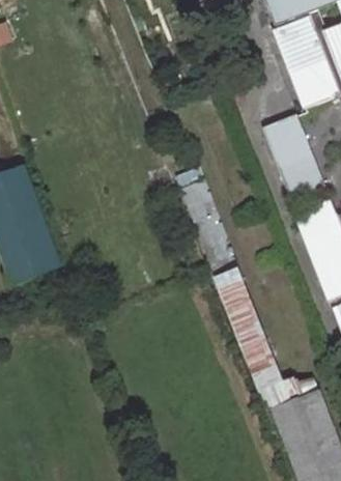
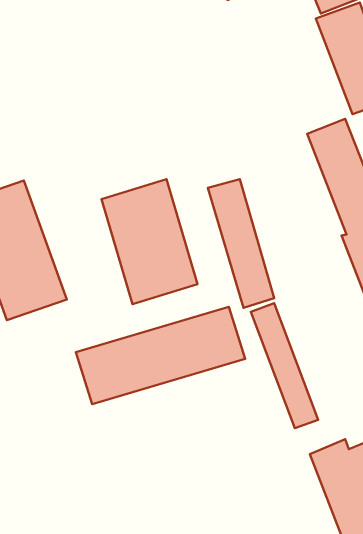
building: none -> [102,179,198,304]
building: none -> [76,307,245,404]

